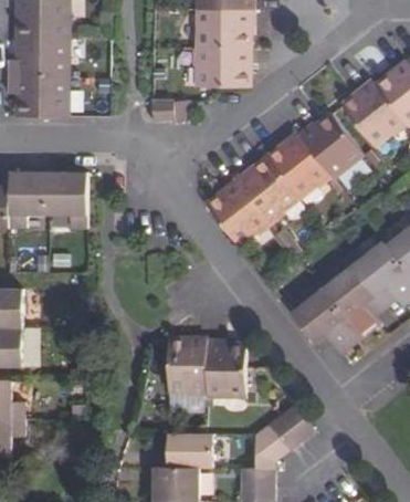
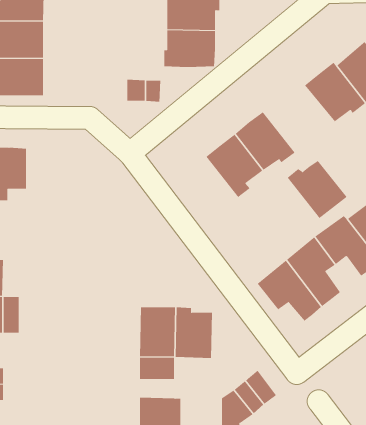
building: [297,115,361,177] -> [287,160,348,219]
building: [49,172,88,229] -> none
building: [206,181,271,243] -> none

